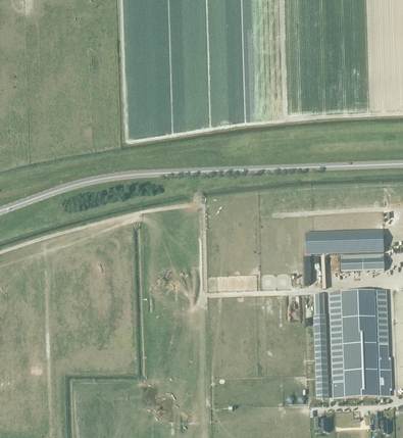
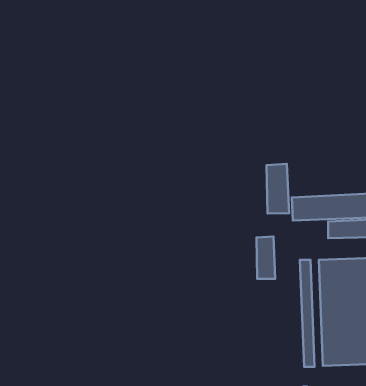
building: none -> [267,164,289,213]
building: none -> [257,236,275,279]

